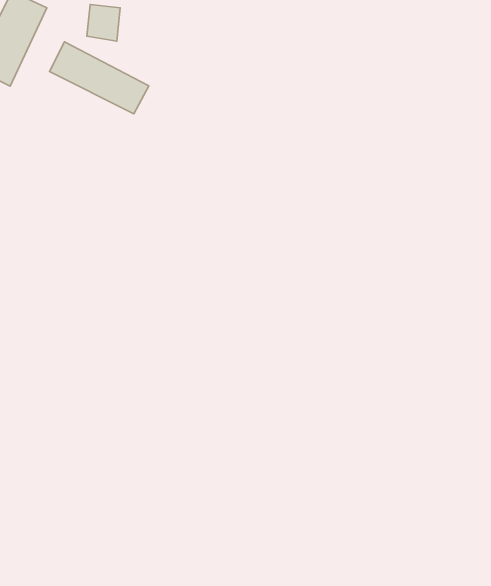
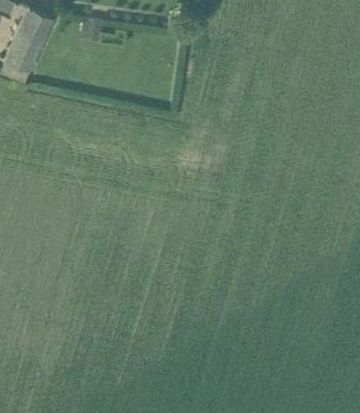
building: [50,42,149,114] -> none

